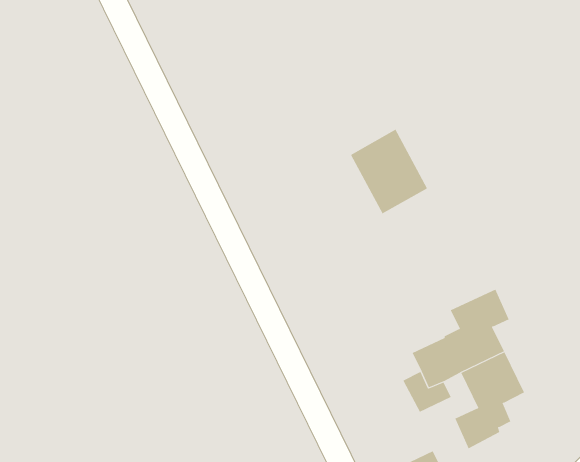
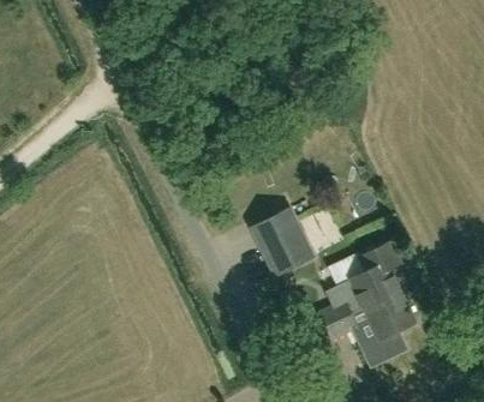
building: [350,129,428,214] -> [251,209,312,276]

